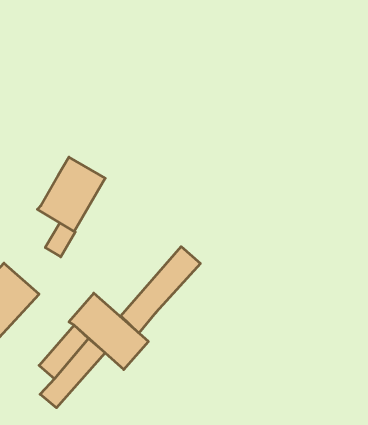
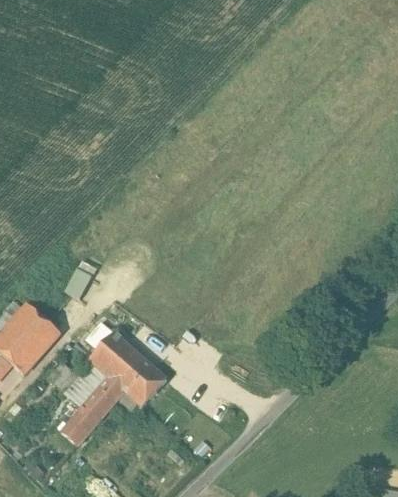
building: [37,157,105,232] -> none
building: [121,247,200,333] -> none

